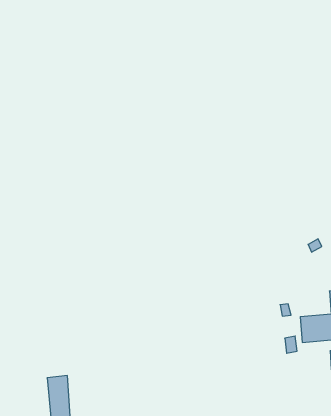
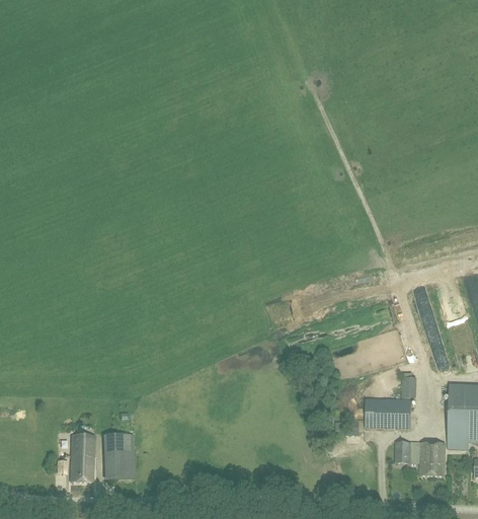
building: none -> [105,430,135,478]

